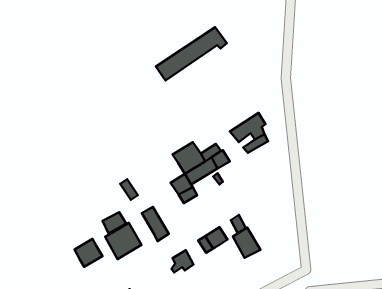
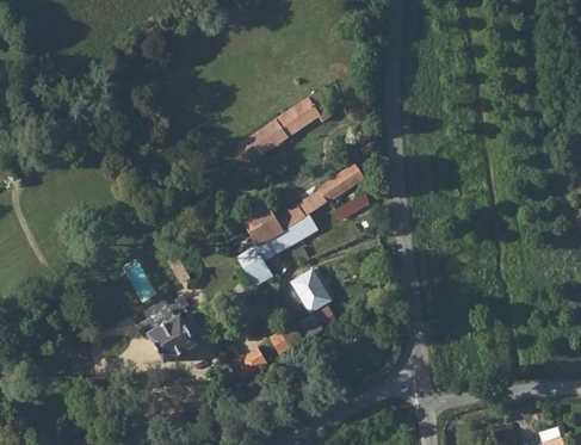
building: [156,27,227,81] -> [235,92,330,163]
building: [142,207,169,241] -> none
building: [233,228,260,258] -> [293,266,330,307]
building: [75,239,102,267] -> none

